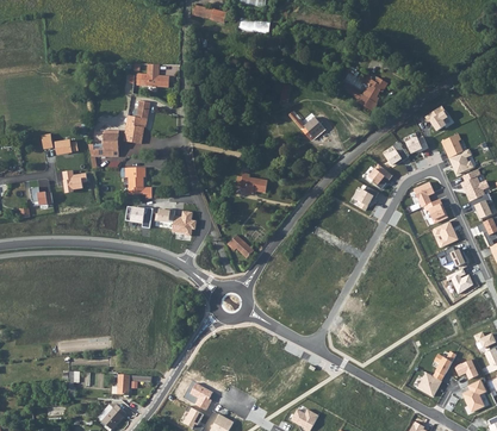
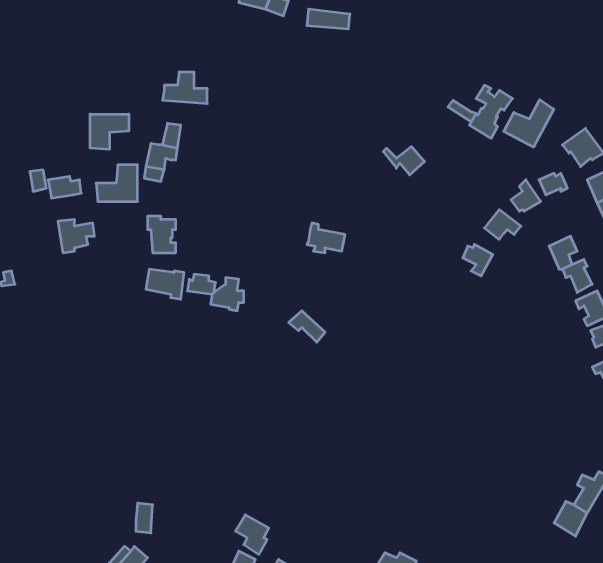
building: none -> [504,100,554,147]
building: none -> [90,114,129,149]

